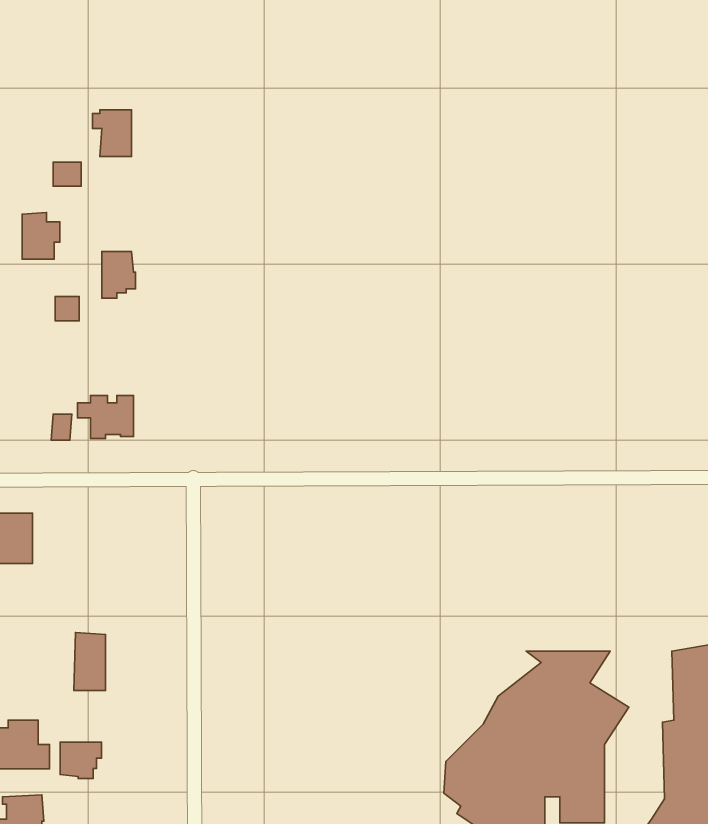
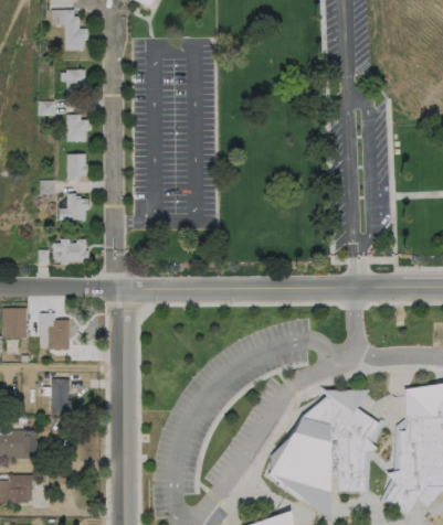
building: none -> [48,10,87,50]
building: [22,212,60,259] -> [66,114,88,141]
building: none -> [60,193,88,219]
building: none -> [49,320,70,350]
building: [60,742,101,778] -> none

